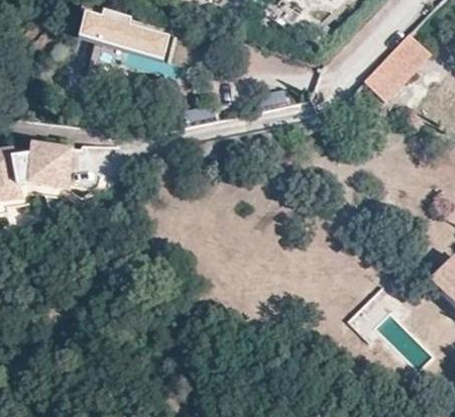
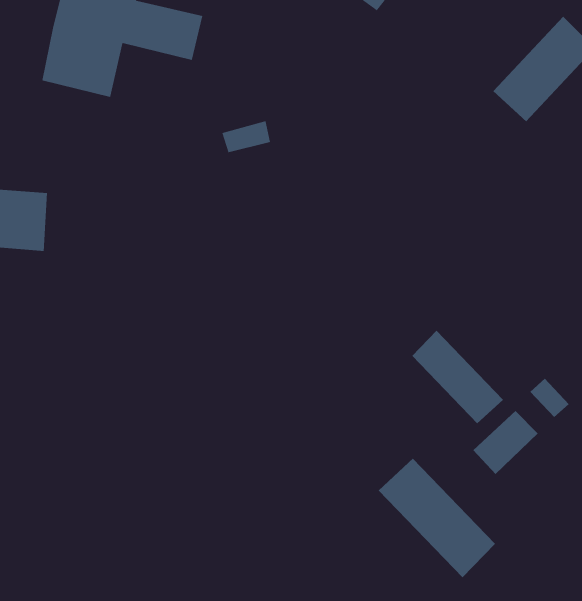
building: none -> [411,330,504,424]
building: none -> [378,458,496,578]

